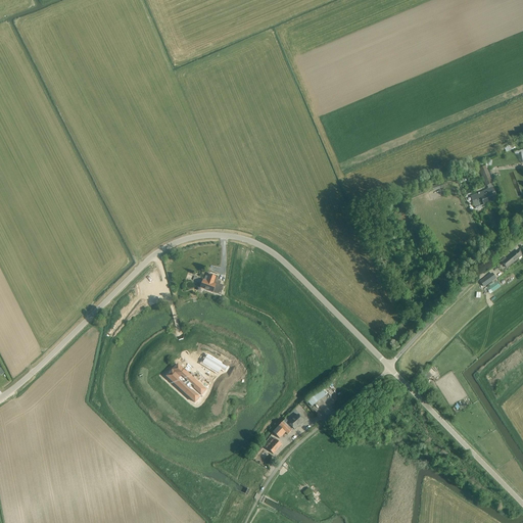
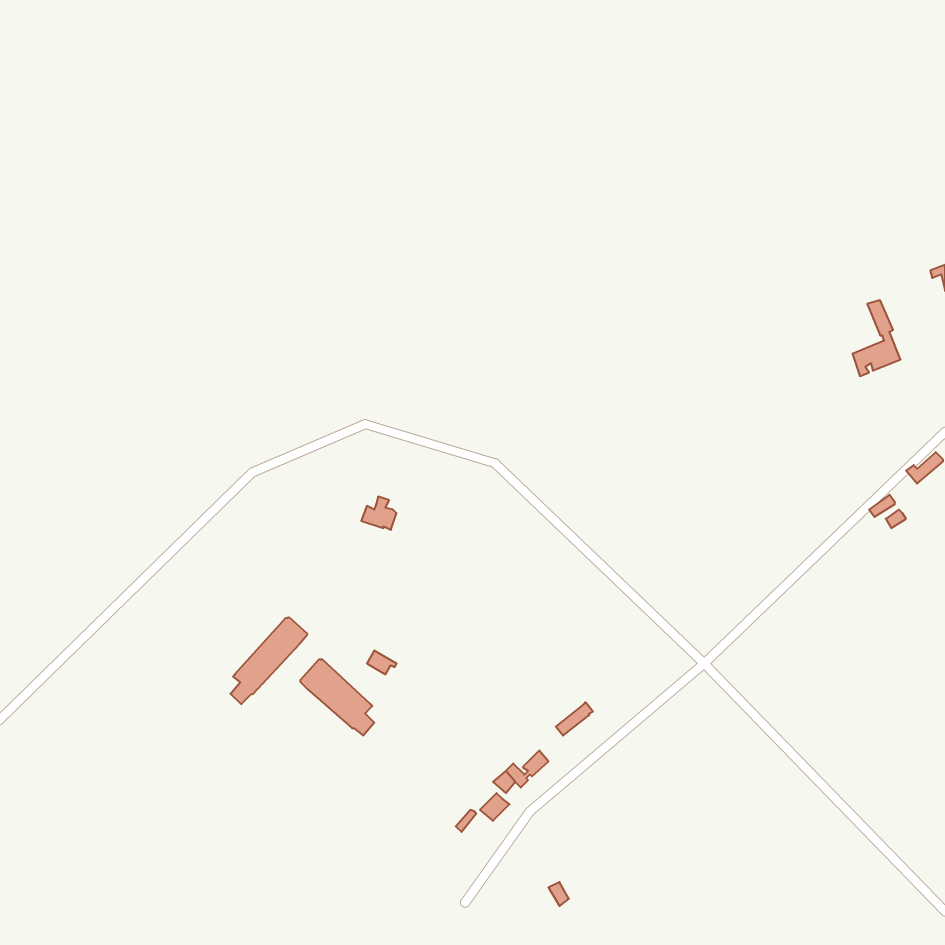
building: none -> [230,617,307,704]

